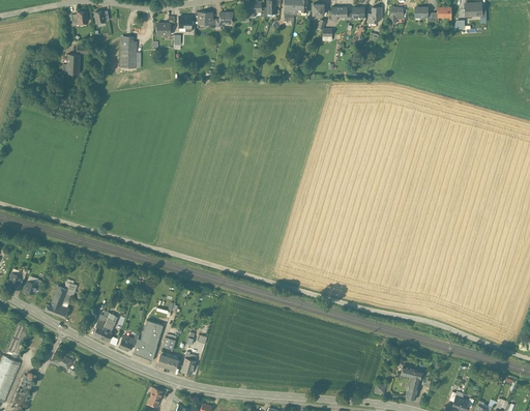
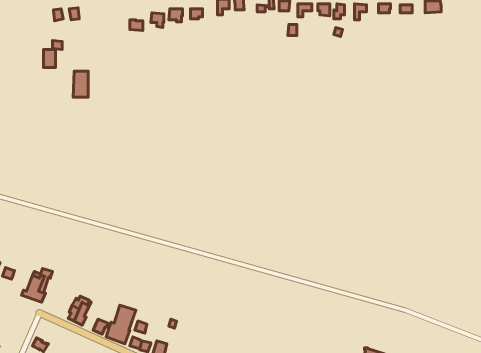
building: [120,41,136,68] -> [73,71,88,97]

